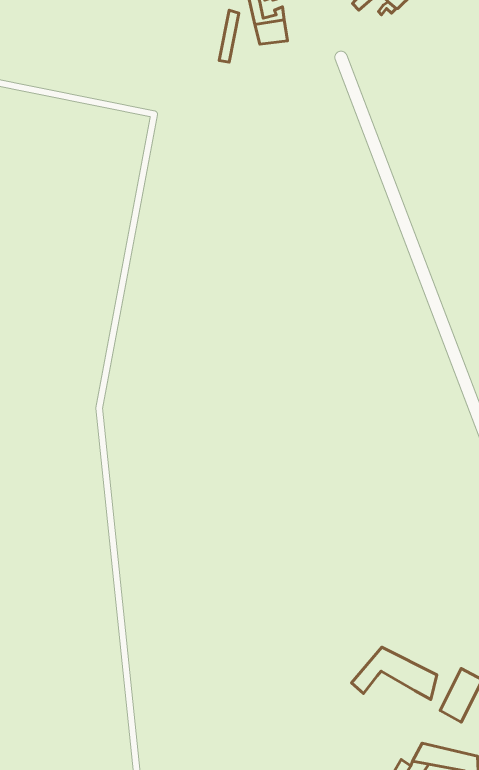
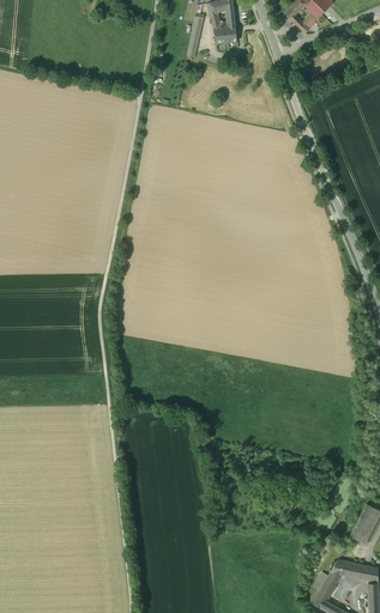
building: [352,647,437,699] -> none

